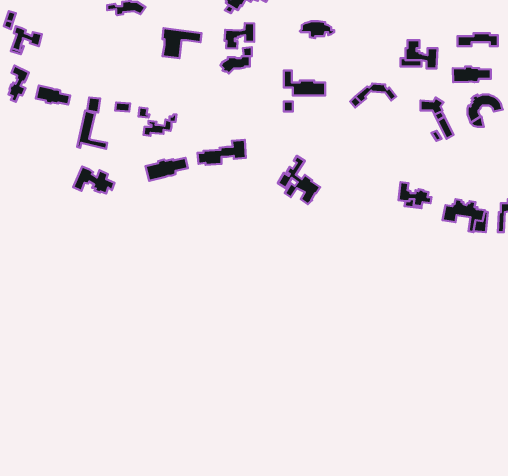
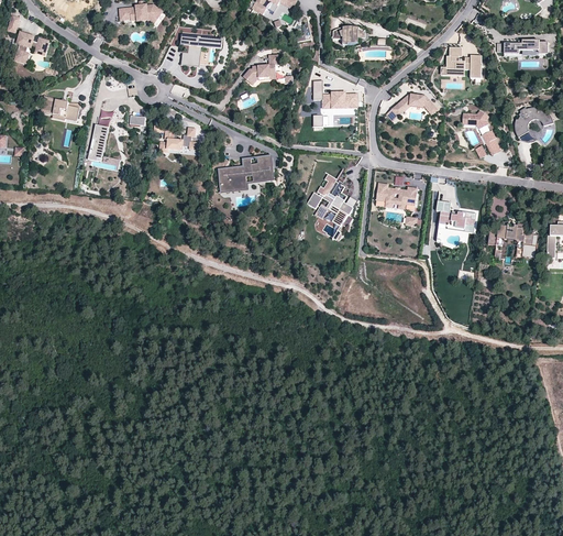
building: [225,23,254,49] -> none
building: [8,65,29,102] -> none
building: [453,66,491,82] -> none
building: [146,158,188,181] -> none
building: none -> [376,183,417,206]
building: [73,166,115,194] -> none

